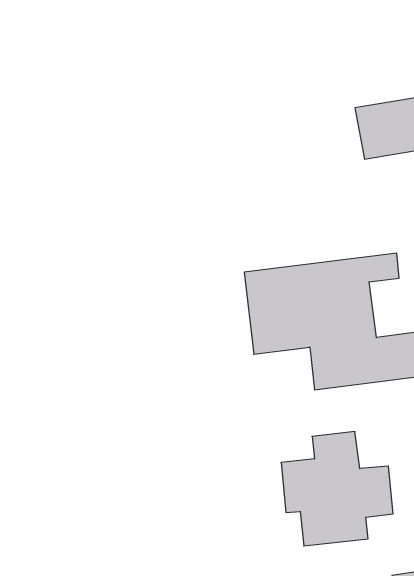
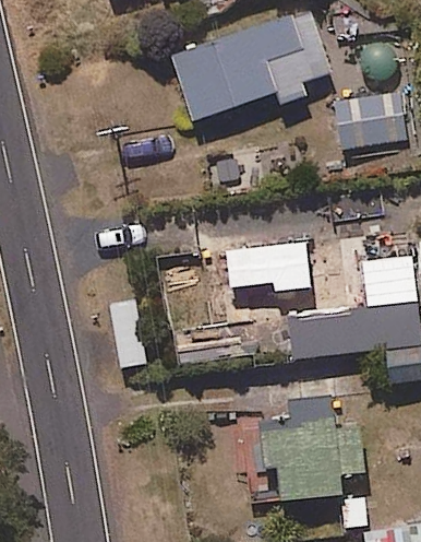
building: none -> [172,13,322,121]

